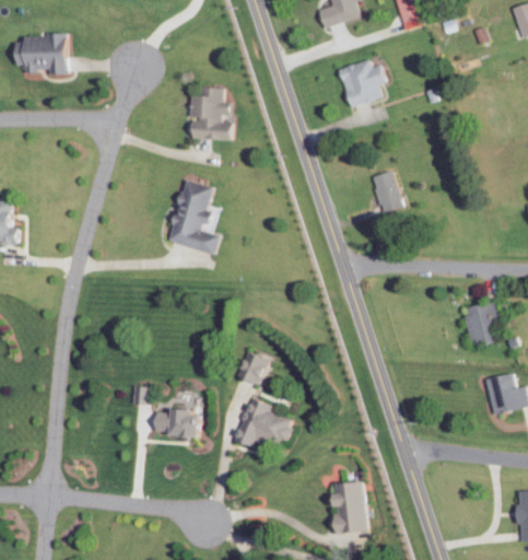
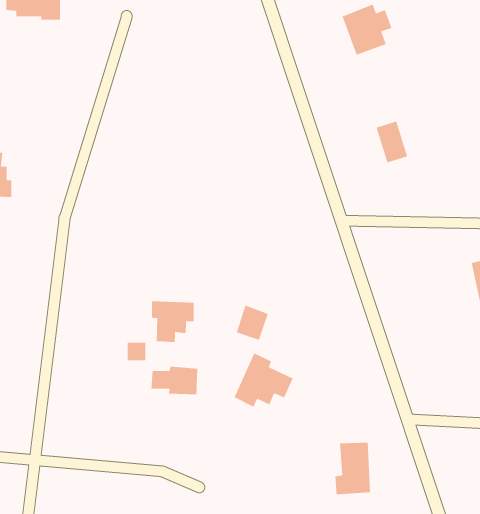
building: [190,86,234,140] -> none
building: [168,179,220,254] -> none
building: none -> [151,300,195,343]

